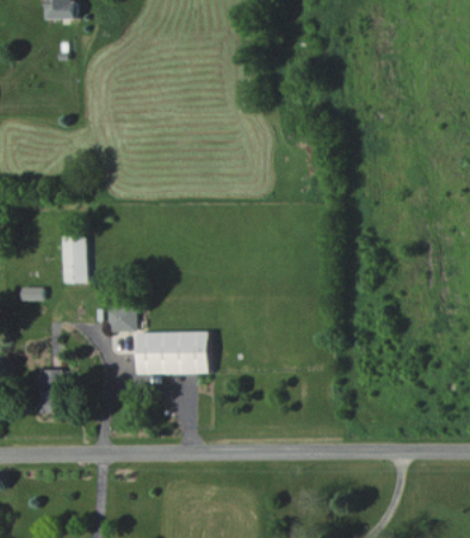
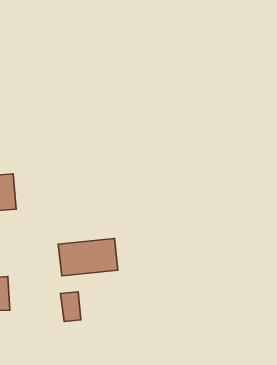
building: [105,307,134,332] -> none
building: none -> [60,292,81,321]

